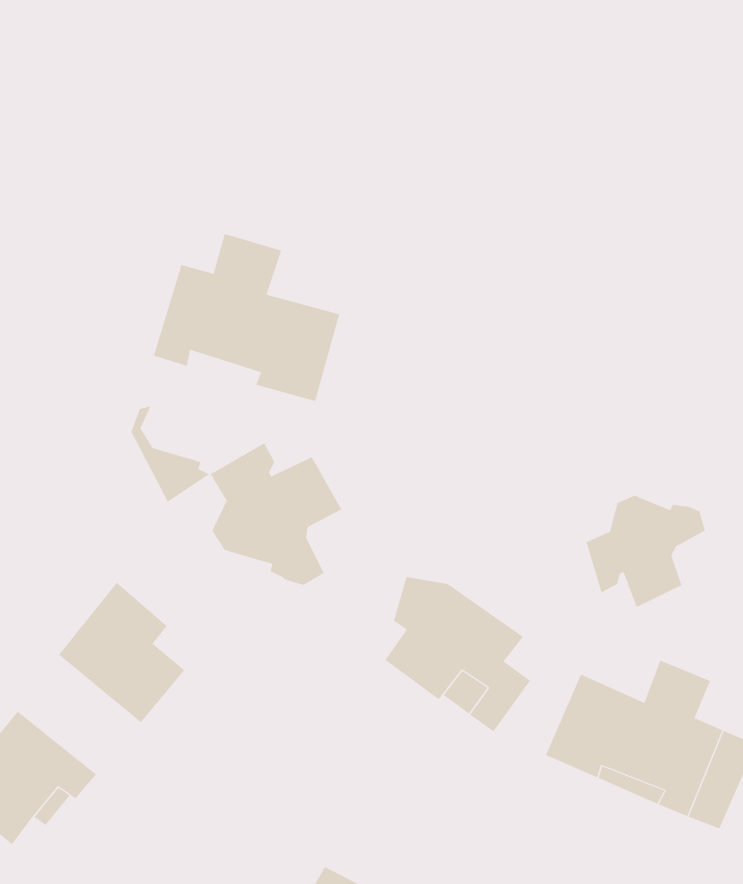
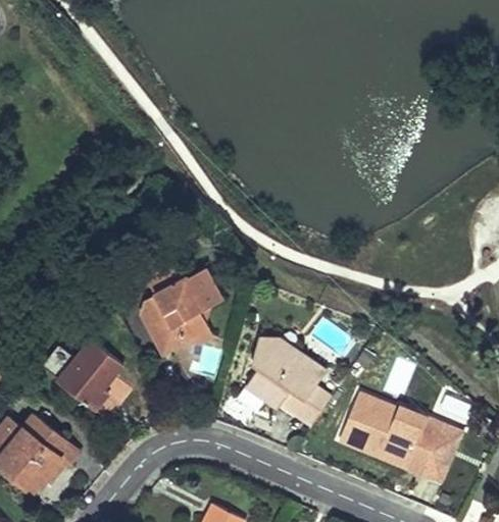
building: [153,233,340,402] -> none
building: [130,405,210,502] -> [140,297,186,353]
building: [586,495,706,608] -> none

